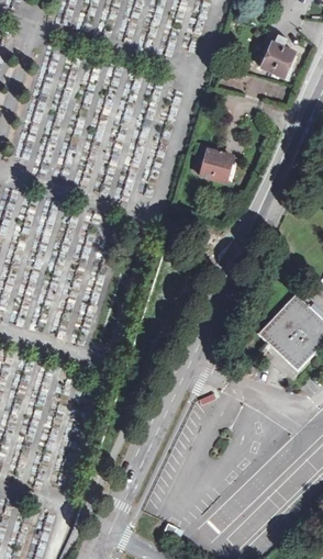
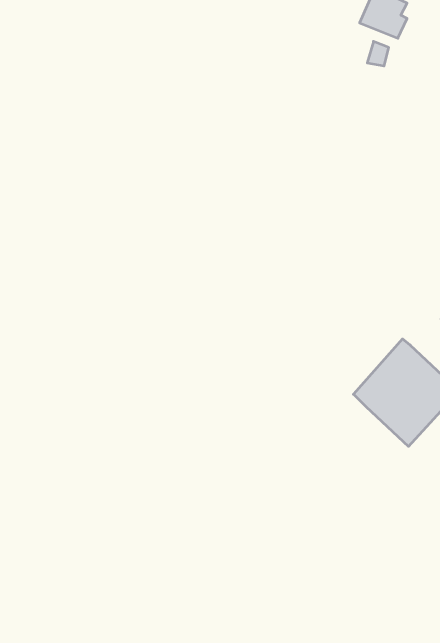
building: [200,147,234,181] -> none

